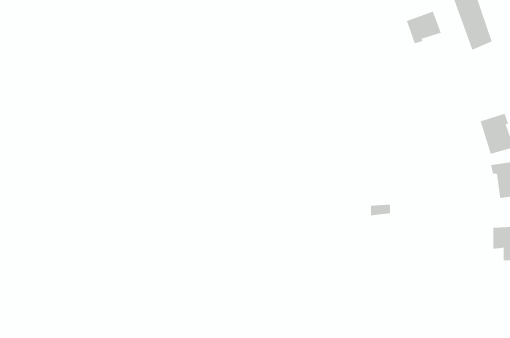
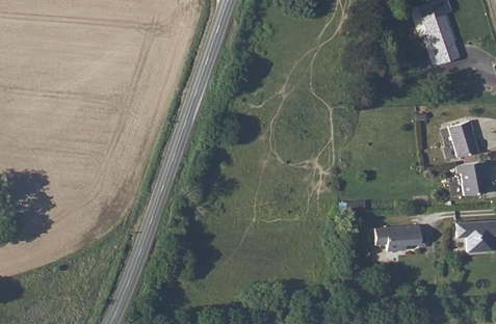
building: [406,11,441,44] -> none
building: none -> [375,226,421,252]

